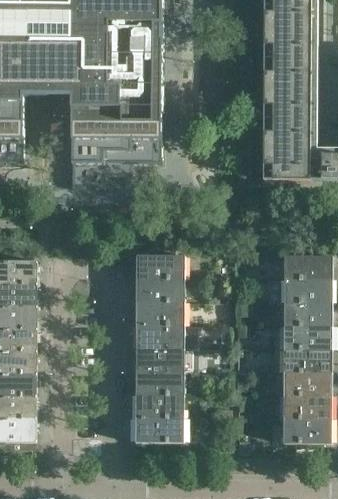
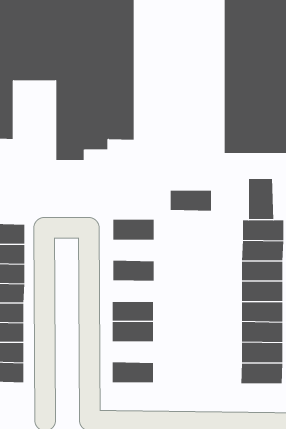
building: none -> [249,178,274,220]
building: [136,278,184,302] -> [170,190,212,211]
building: [135,324,184,348] -> none
building: [135,394,183,418] -> none

